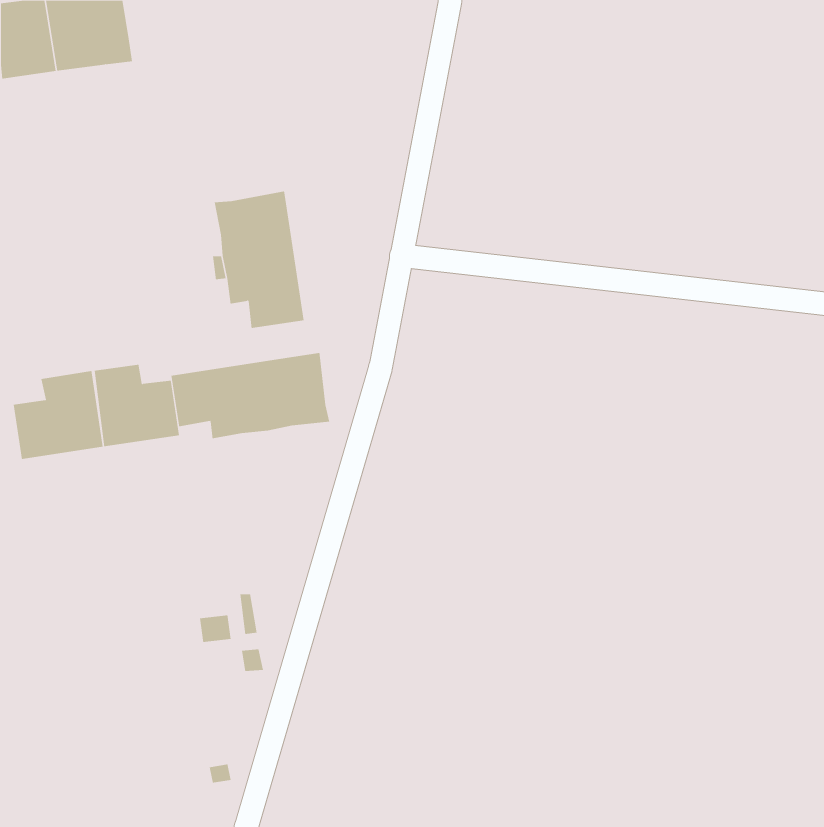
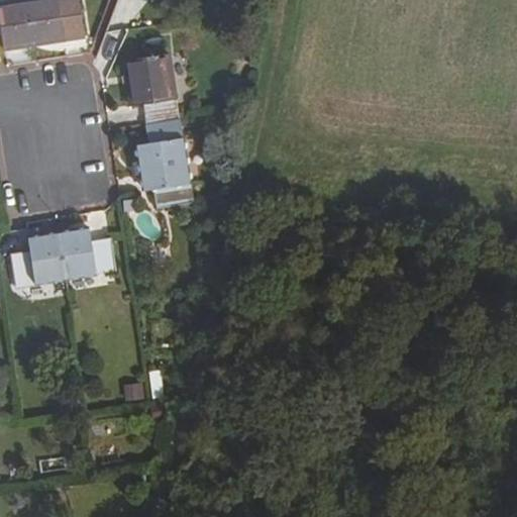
building: none -> [126,55,180,125]
building: [171,352,330,439] -> none

